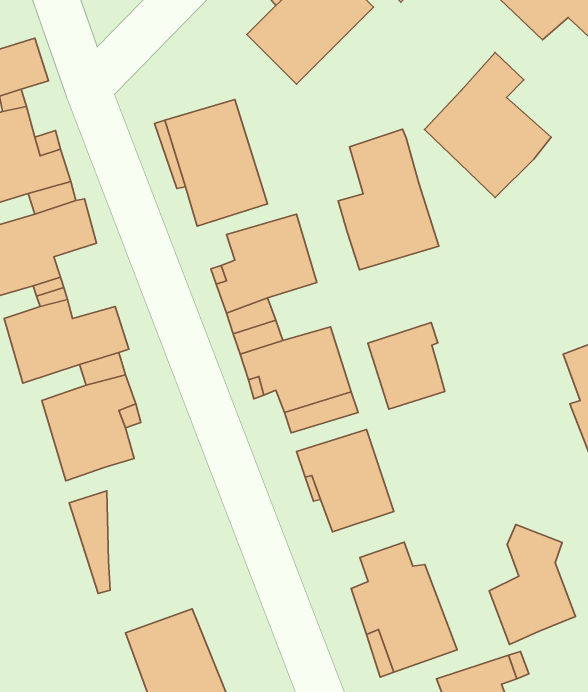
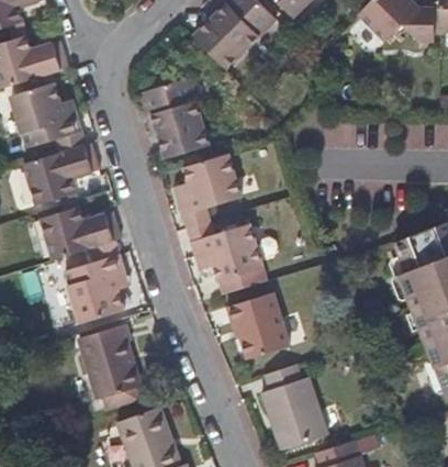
building: [425,52,551,198] -> none
building: [338,129,439,270] -> none
building: [368,322,445,409] -> none
building: none -> [104,324,141,394]
building: [489,525,576,644] -> none

